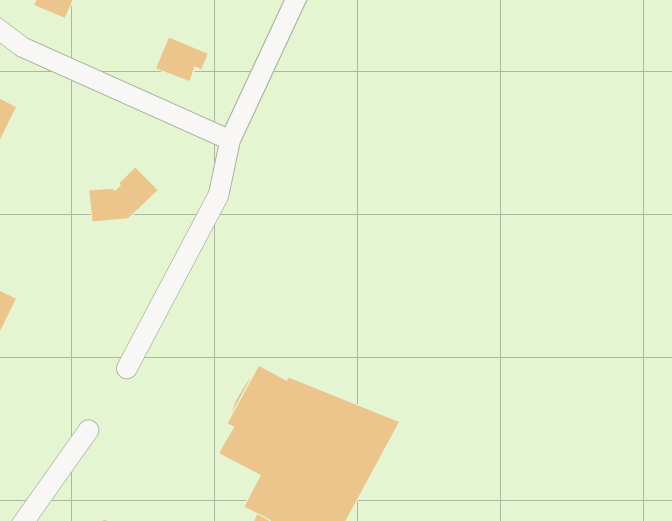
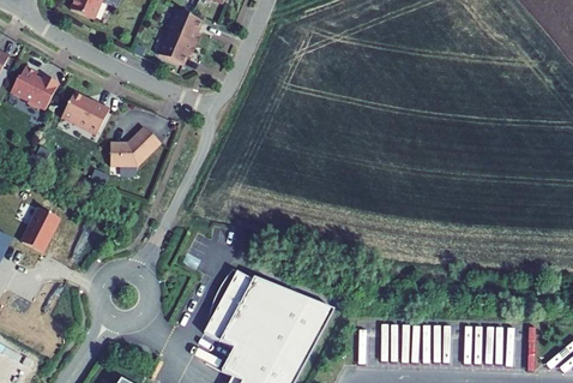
building: none -> [168,10,201,43]
building: none -> [62,91,110,133]

